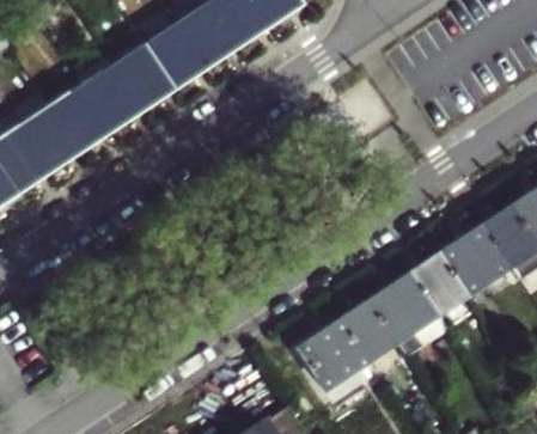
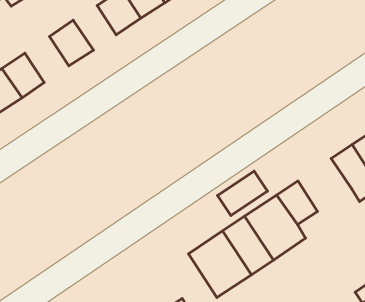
building: [144,26,200,85] -> none
building: [80,67,138,127] -> none
building: [437,226,507,295] -> none
building: none -> [217,171,267,216]

